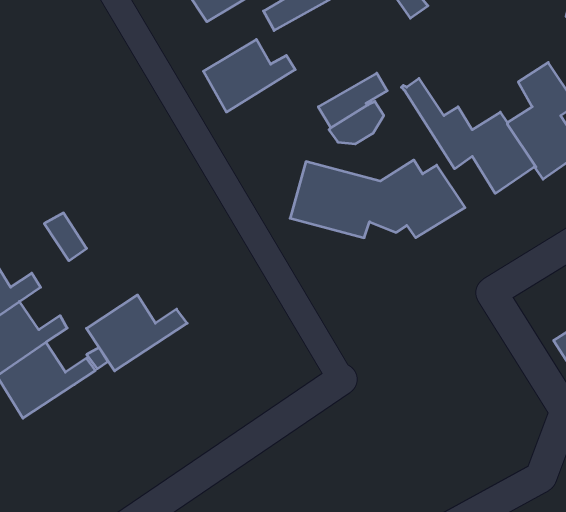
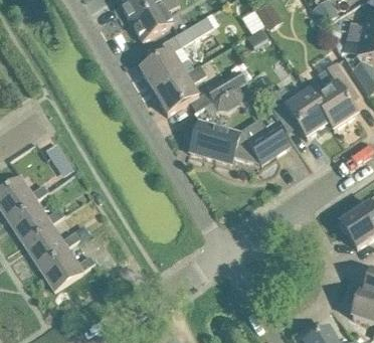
building: none -> [154,67,198,114]
building: [86,295,187,371] -> [38,246,96,290]

